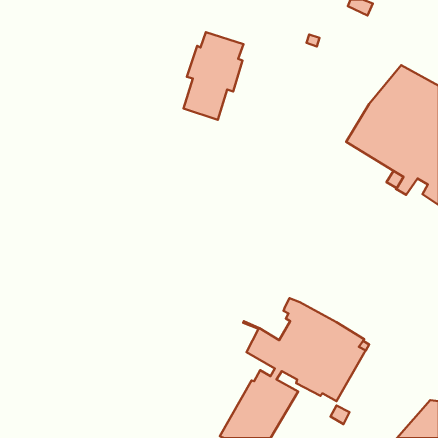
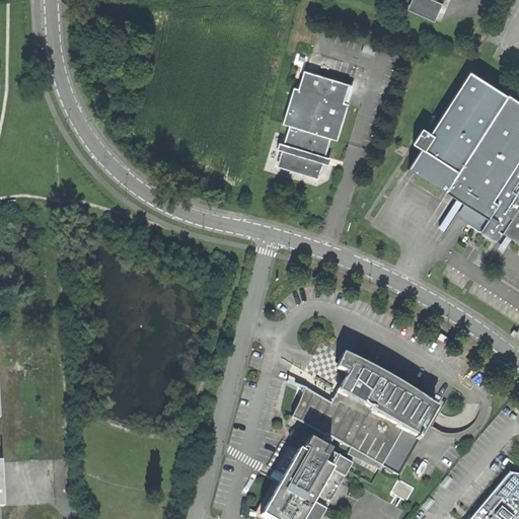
building: [183,32,243,120] -> [279,70,350,173]

